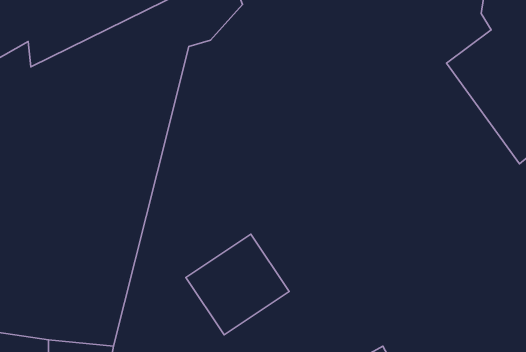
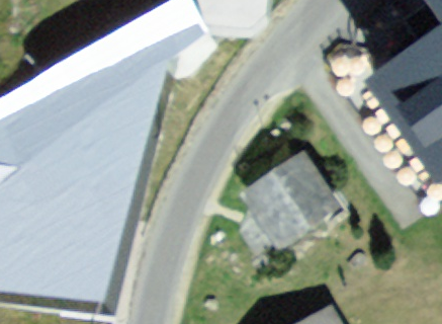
building: [186,234,289,335] -> [248,152,330,232]

